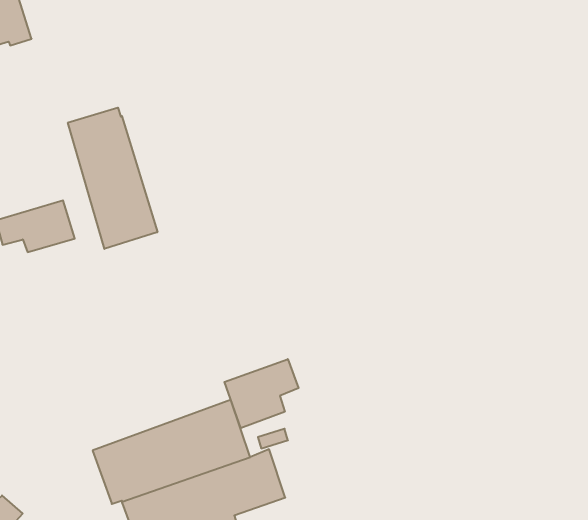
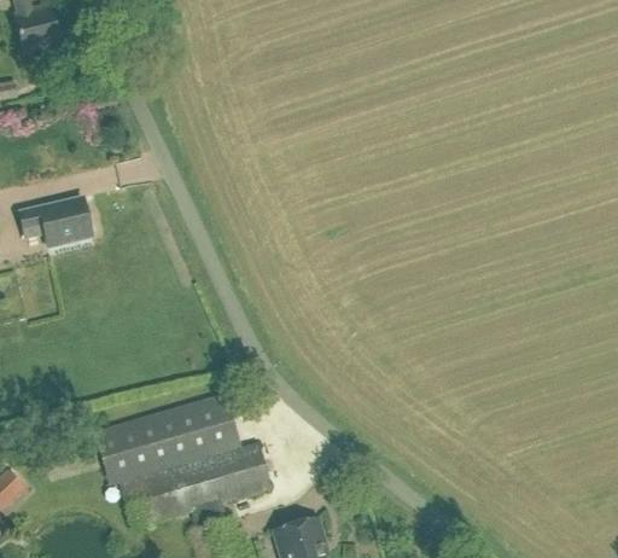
building: [68,108,157,249] -> none
building: [224,359,299,428] -> none

